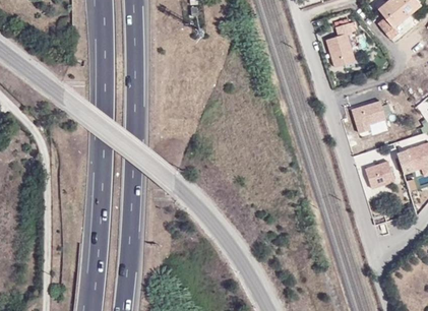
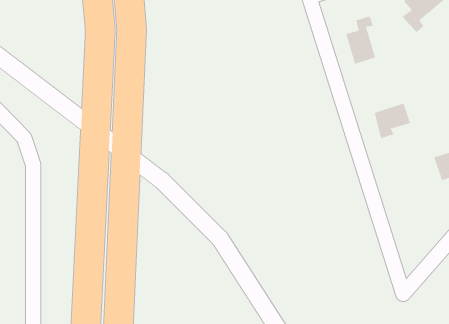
building: [364,162,394,188] -> none

